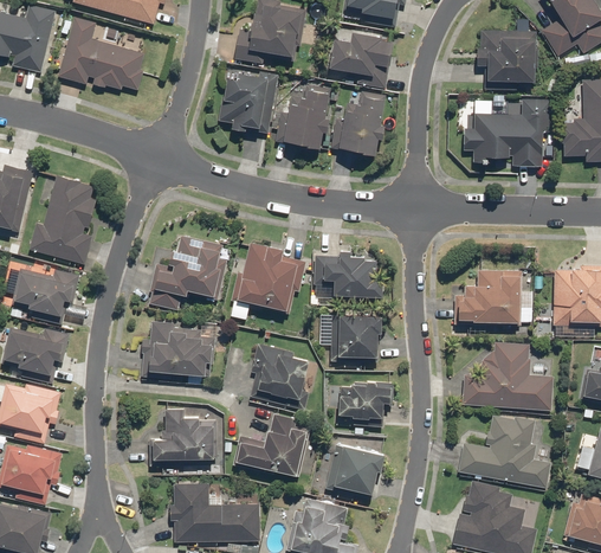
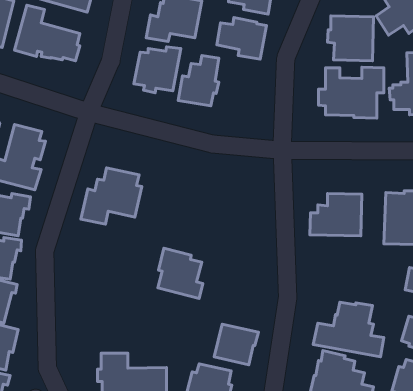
building: [330,91,384,157] -> none
building: [228,242,306,320] -> none
building: [310,251,381,304] -> none
building: [330,315,380,362] -> none
building: [140,320,215,379] -> none
building: [461,341,554,411] -> none
building: [335,381,394,426] -> none
building: [148,409,218,467] -> none
building: [232,412,311,481] -> none

